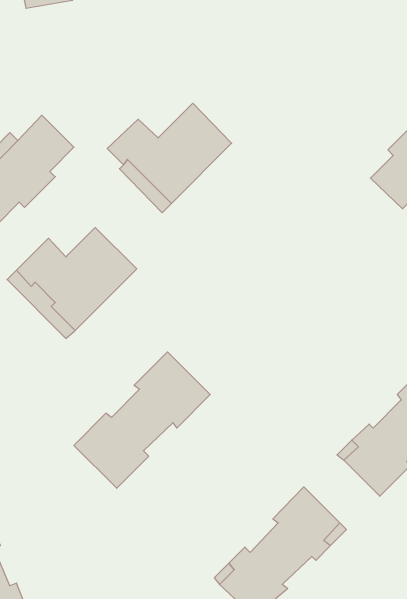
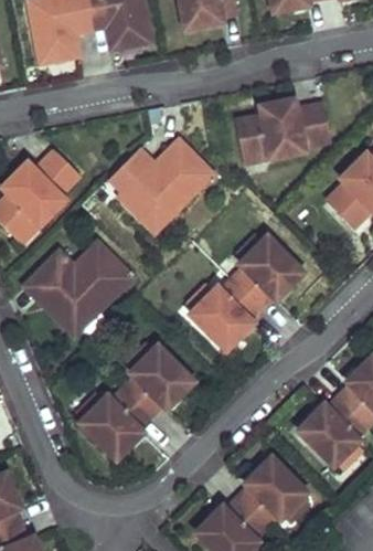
building: none -> [235,104,330,158]
building: none -> [190,237,302,349]

